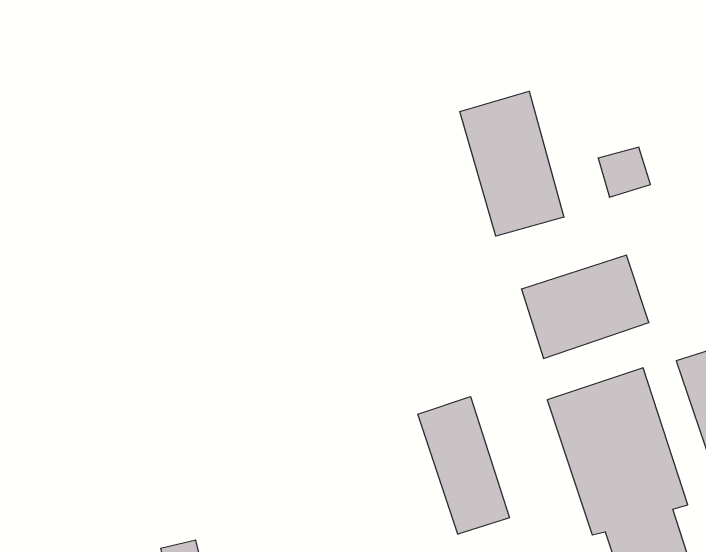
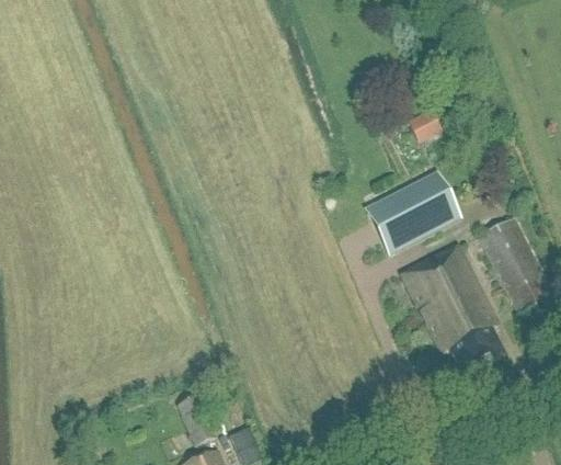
building: [460,91,564,236] -> none
building: [418,397,510,534] -> none

